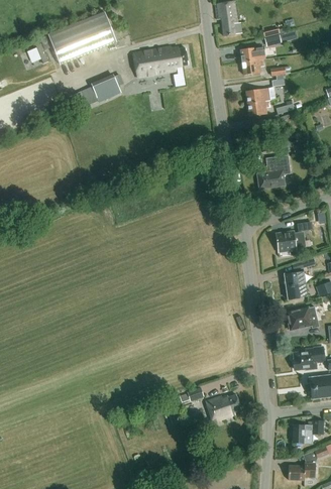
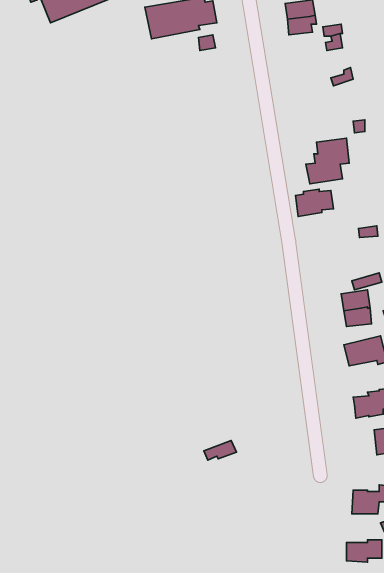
building: [81,74,121,106] -> none
building: [246,88,270,116] -> none
building: [275,231,305,252] -> [295,189,333,217]
building: [205,394,241,422] -> none

